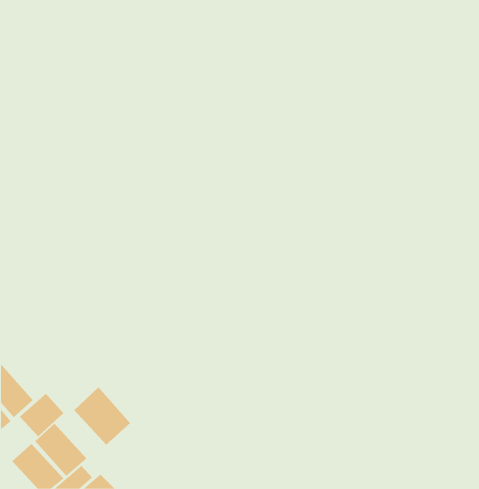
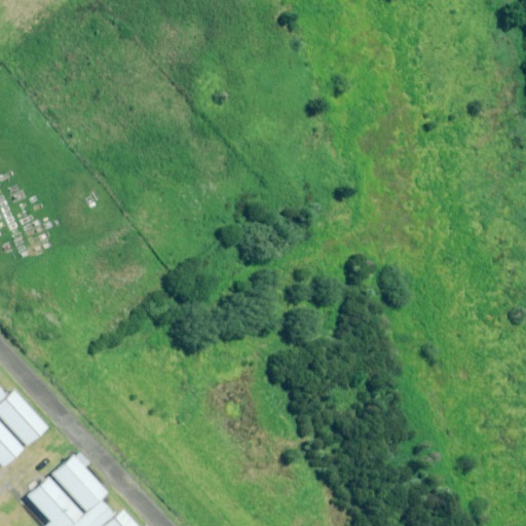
building: [73,387,131,445] -> none
building: [19,393,64,437] -> none

